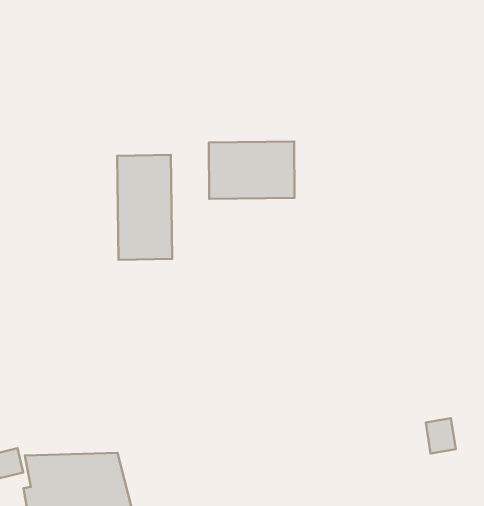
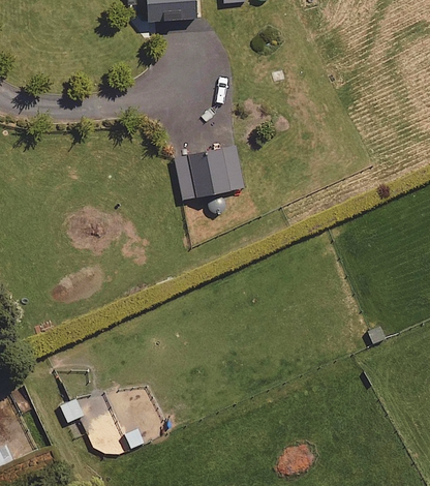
building: [117,155,172,260] -> none

